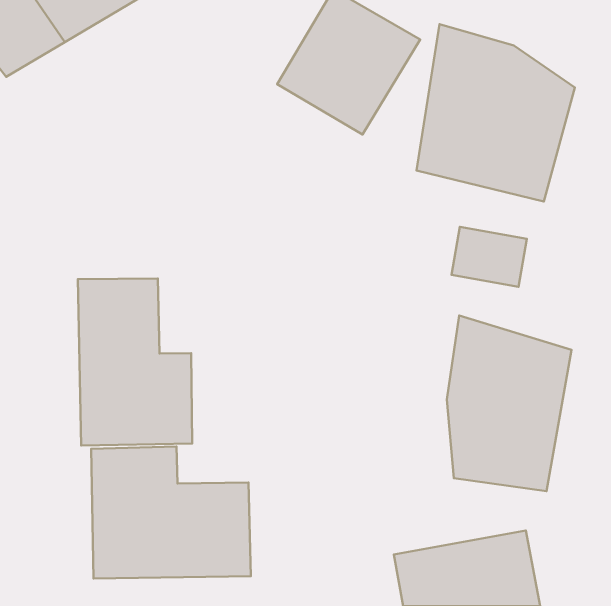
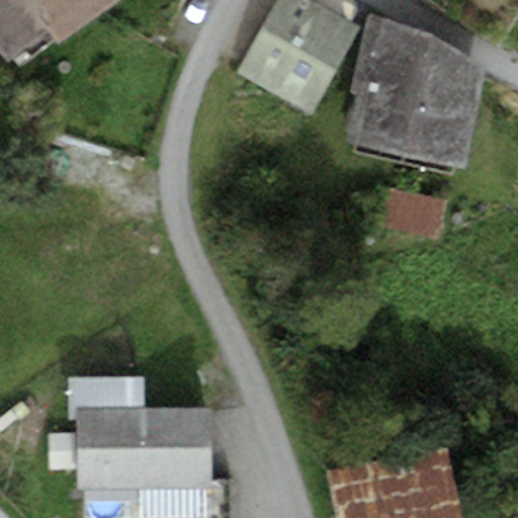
building: [78,278,192,446] -> none
building: [447,316,572,491] -> none

